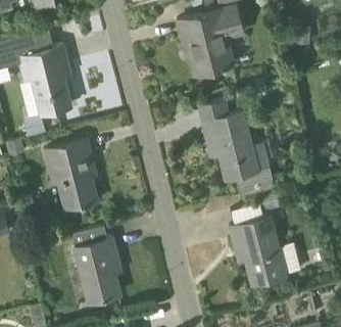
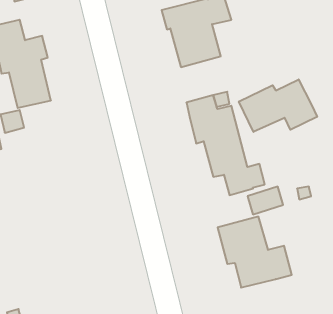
building: none -> [239,79,317,132]
building: [45,140,98,209] -> none
building: [71,228,120,305] -> none

